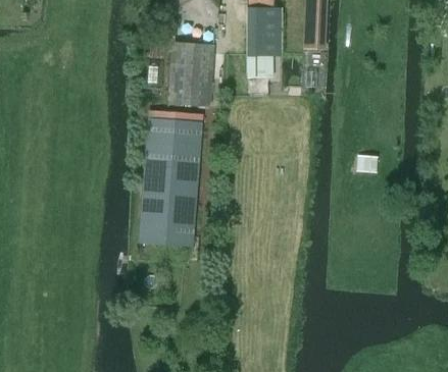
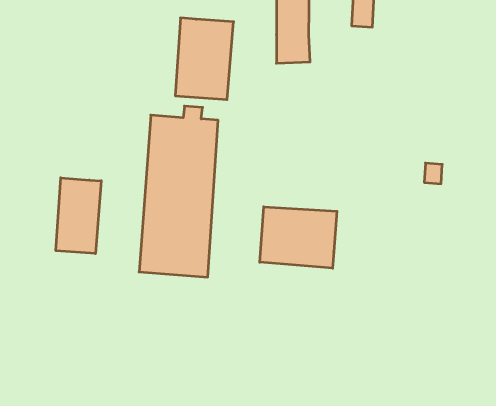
building: none -> [56,178,101,254]
building: none -> [260,207,337,268]

